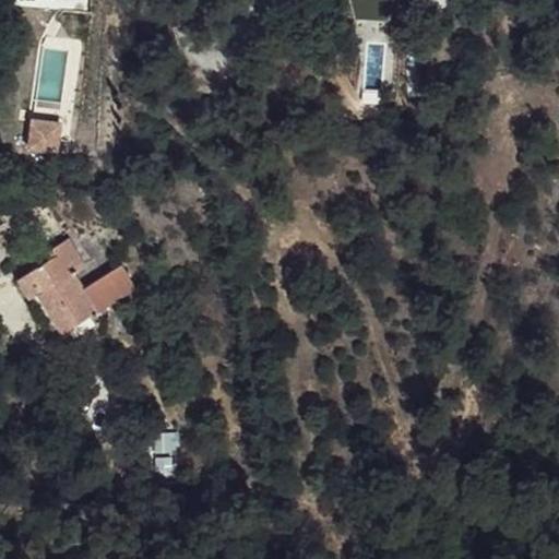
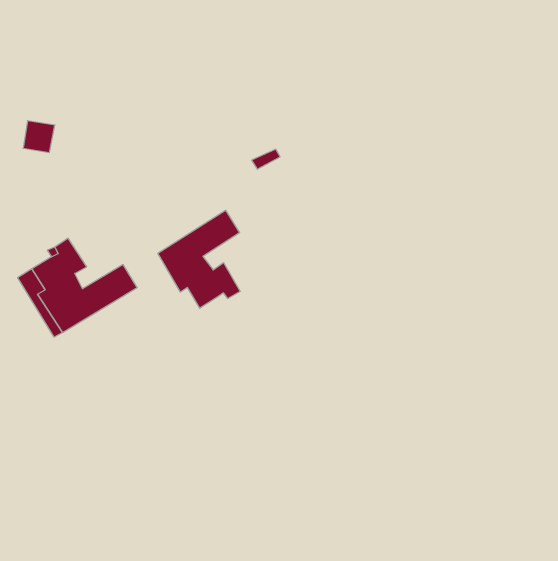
building: none -> [158,210,240,308]

